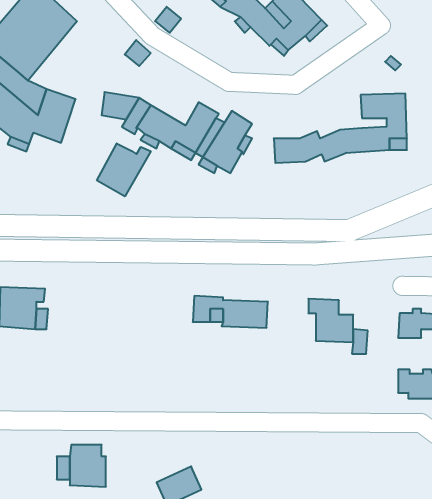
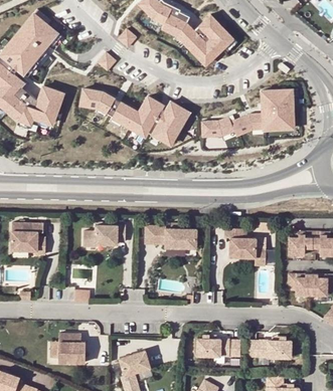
building: [97,143,151,196] -> none
building: none -> [81,228,124,249]
building: none -> [197,333,240,355]
building: none -> [246,335,291,356]

